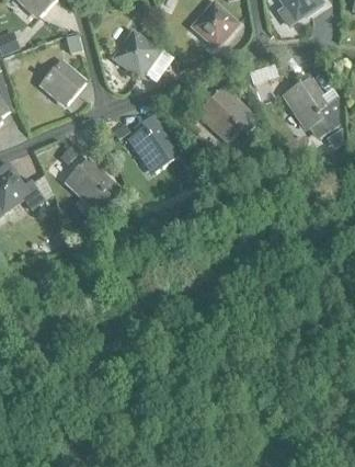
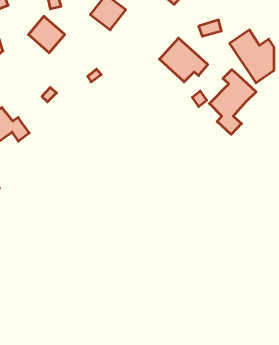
building: [131,117,181,174] -> none
building: none -> [209,70,256,134]
building: [68,160,124,209] -> none

